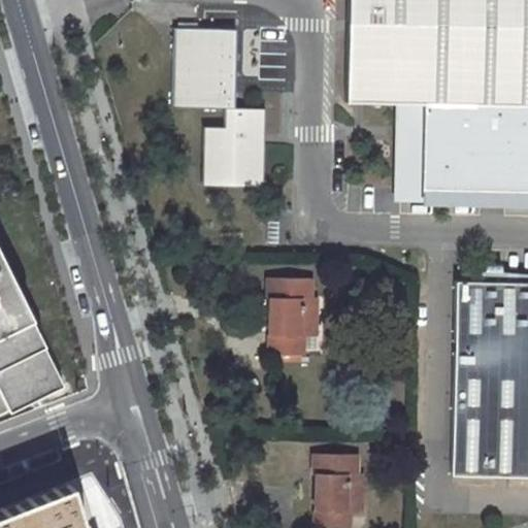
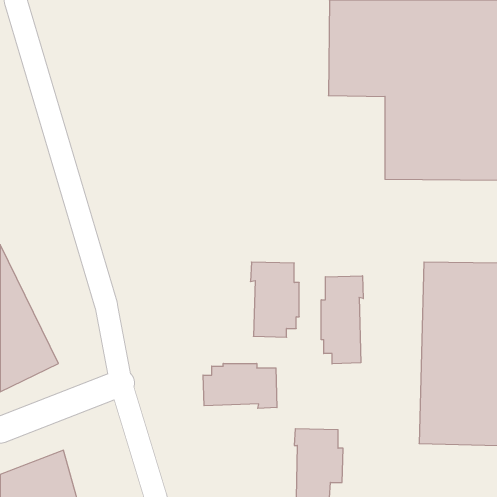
building: [172,27,271,184] -> none
building: none -> [321,276,363,364]
building: none -> [203,363,277,408]

